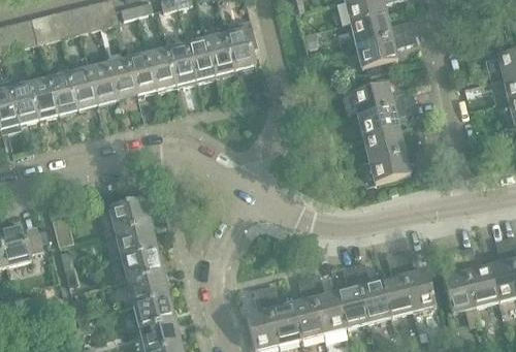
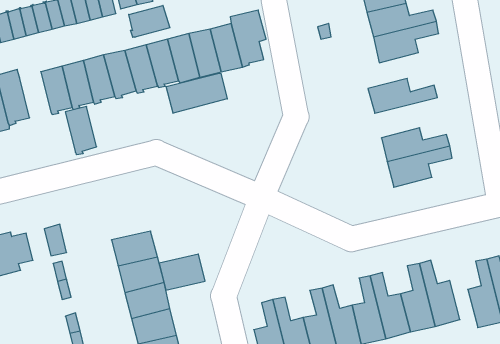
building: none -> [129,5,170,37]
building: [30,77,59,122] -> [65,106,97,155]
building: none -> [166,73,227,113]
building: [357,101,418,138] -> none
building: [108,199,151,232] -> [159,254,205,290]

